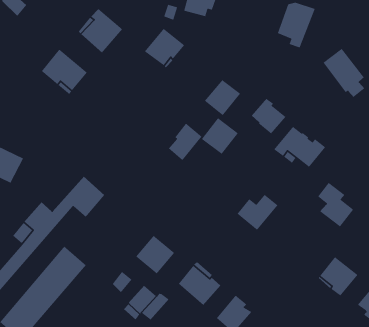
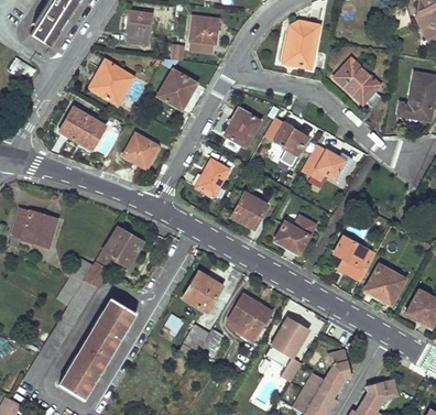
building: none -> [122,132,156,166]
building: [201,117,239,155] -> [230,192,266,228]
building: [317,182,354,227] -> [333,236,371,279]

